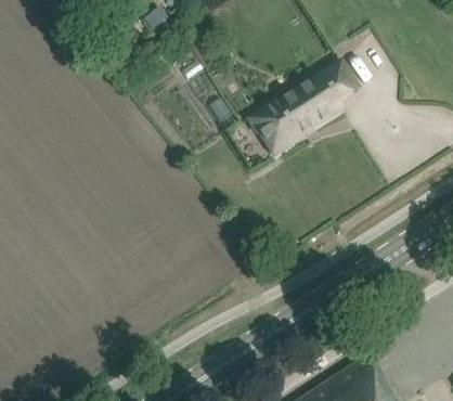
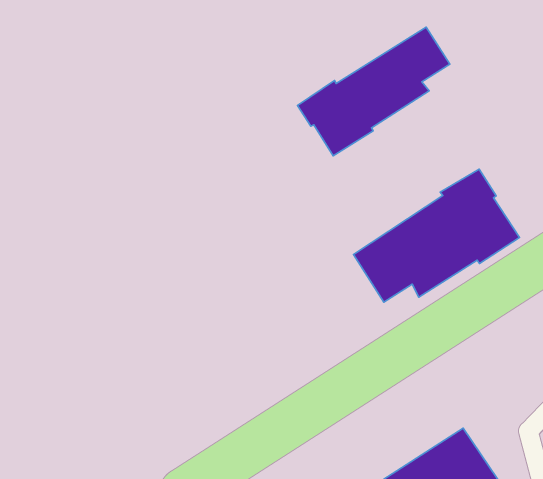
building: none -> [353,169,519,302]

